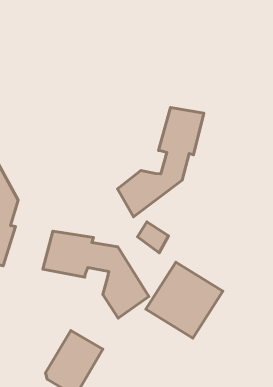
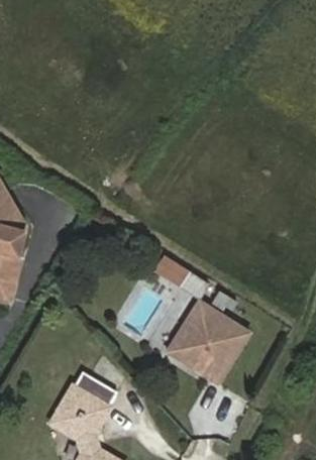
building: [117,108,204,217] -> none
building: [43,231,149,318] -> none

